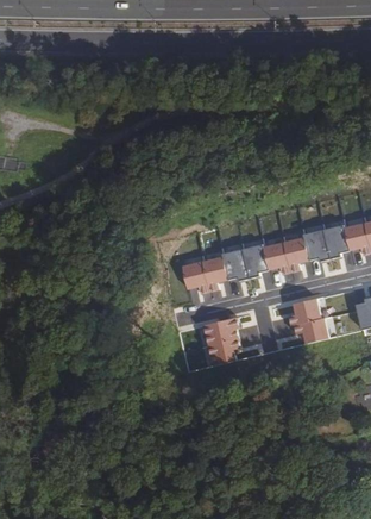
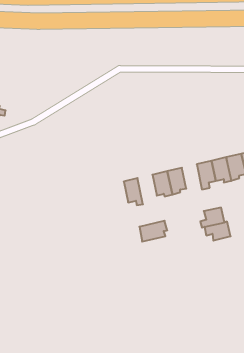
building: [263,237,290,274] -> none
building: [202,251,228,292] -> none
building: [208,336,244,363] -> none

